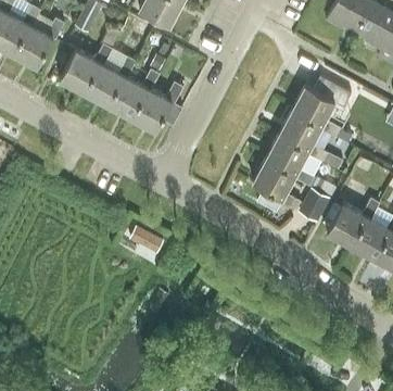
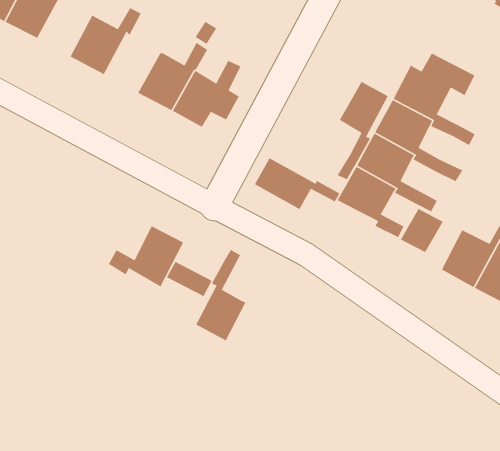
building: [85,58,136,106] -> none
building: none -> [336,81,389,180]
building: none -> [254,157,341,210]
building: none -> [108,225,184,288]
building: none -> [195,249,247,341]

